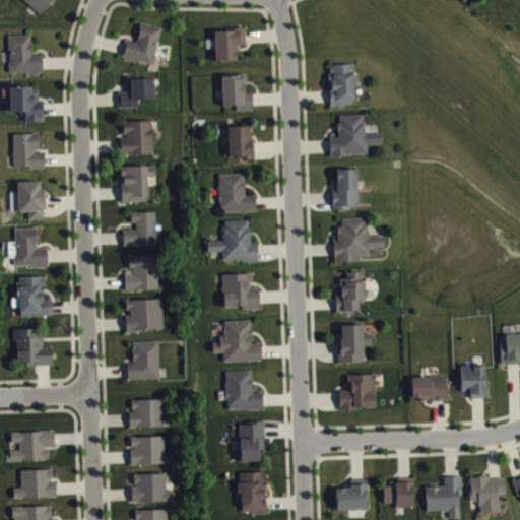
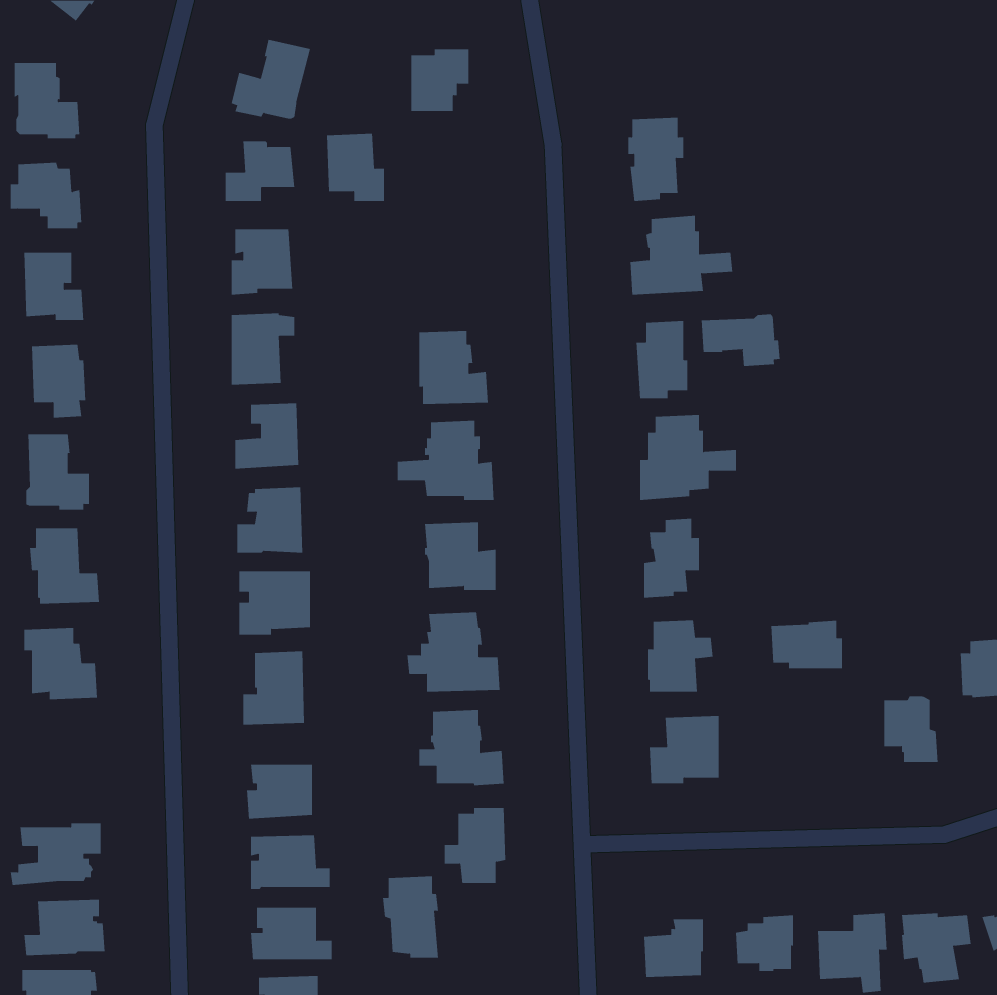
building: [221,74,252,110] -> [326,133,385,201]
building: [228,126,254,157] -> none
building: none -> [701,314,780,367]
building: [410,375,448,400] -> [771,620,843,669]
building: [237,471,266,514] -> [382,876,439,958]

